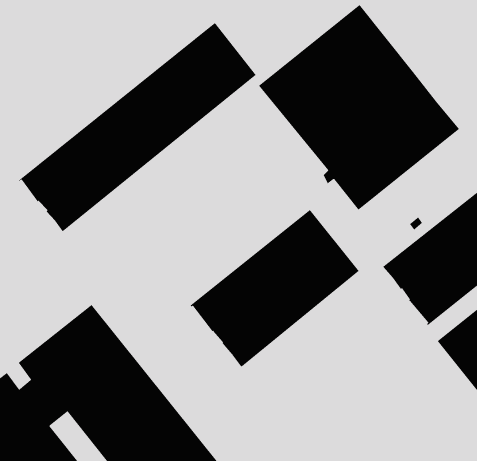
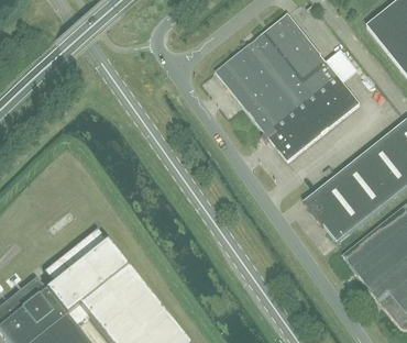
building: [18,22,257,233] -> none
building: [190,209,359,368] -> none

